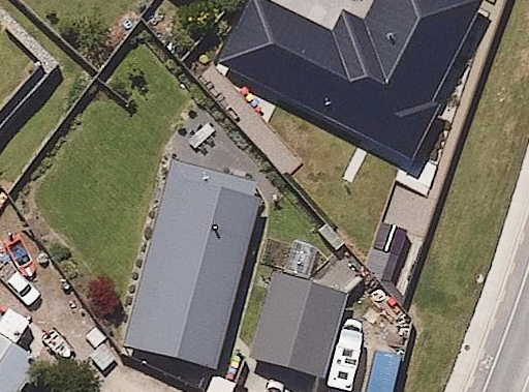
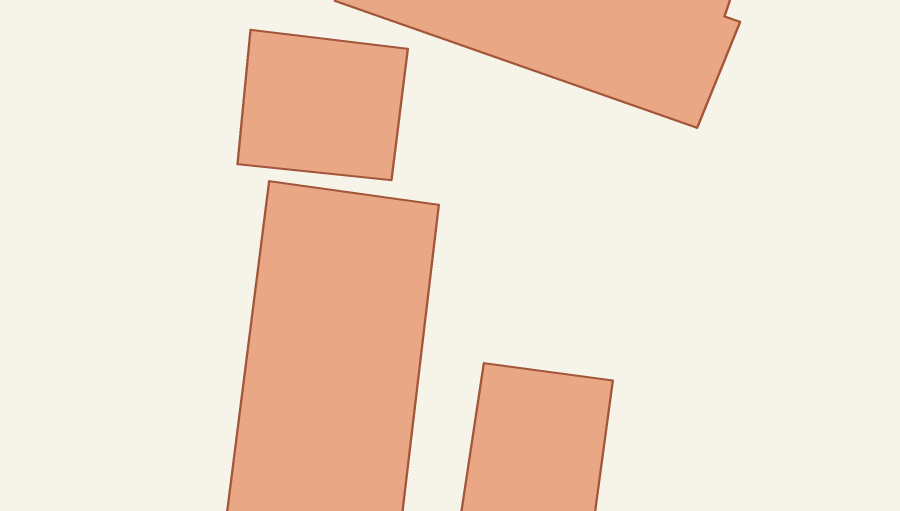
building: none -> [237,30,408,180]

